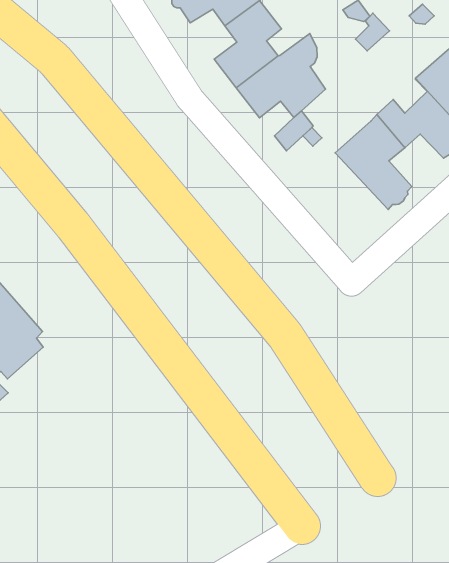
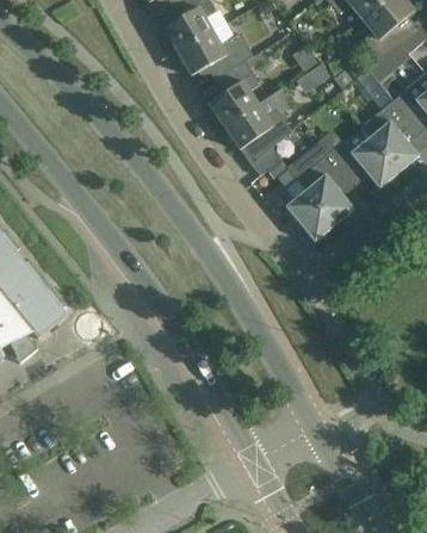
building: none -> [276,179,334,241]

